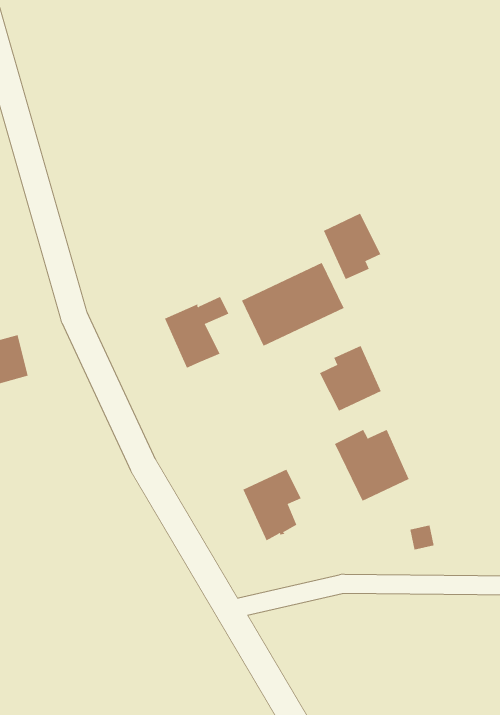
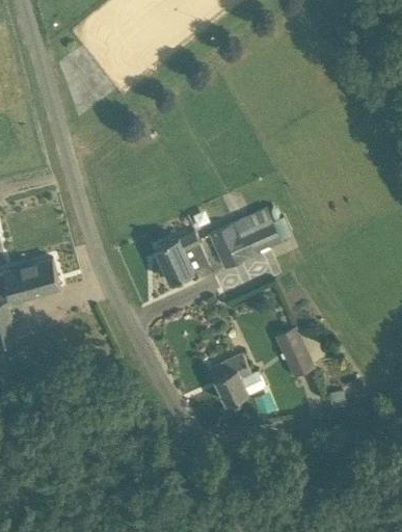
building: [323,213,381,280] -> none
building: [319,345,382,412] -> none

